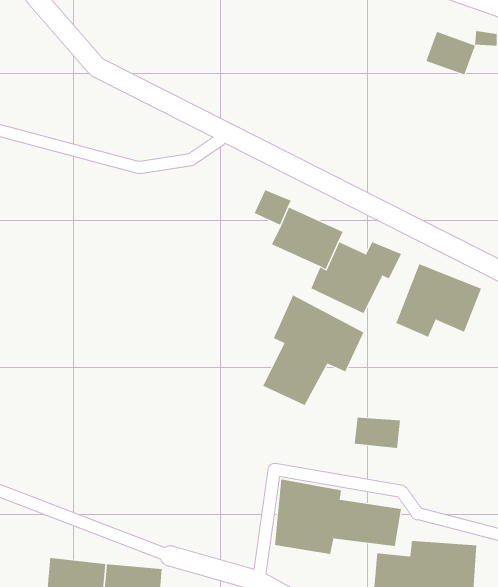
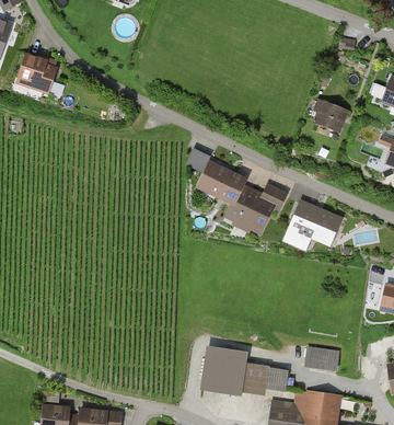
building: [426,31,476,75] -> [314,101,349,131]
building: none -> [16,53,59,95]
building: [263,295,364,406] -> none
building: [354,417,401,449] -> [305,348,338,370]

